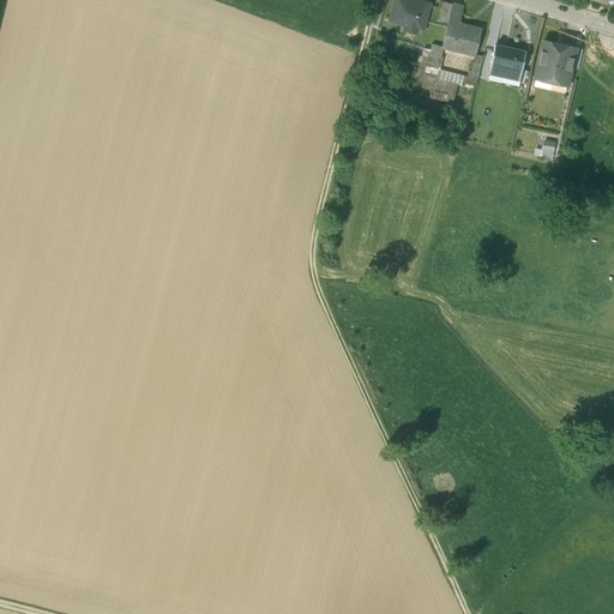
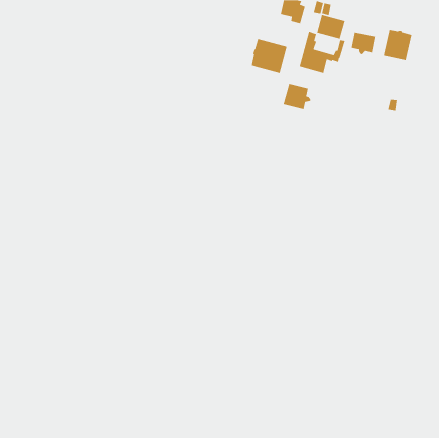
building: none -> [250,38,288,74]
building: none -> [283,83,311,110]

